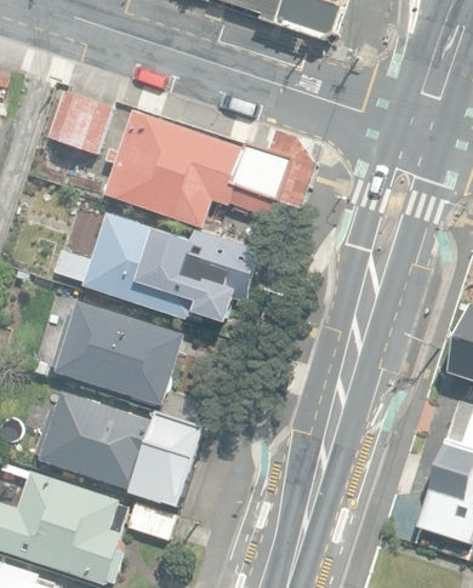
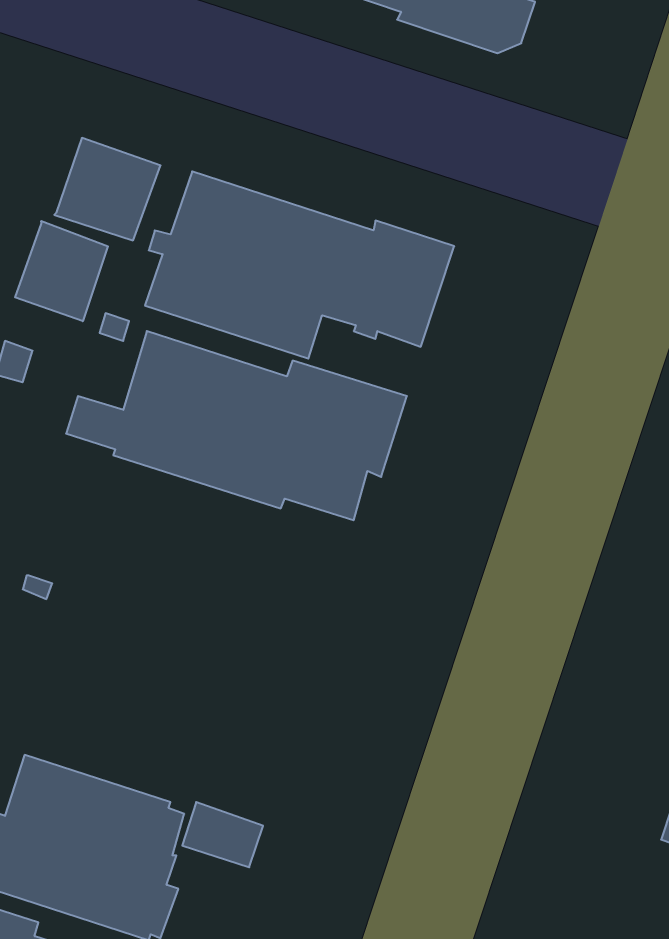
building: none -> [15,221,108,321]
building: [50,301,184,406] -> none
building: [34,393,205,509] -> none

